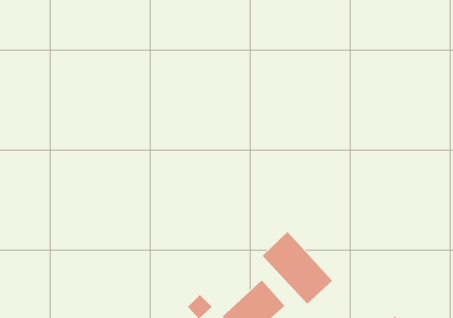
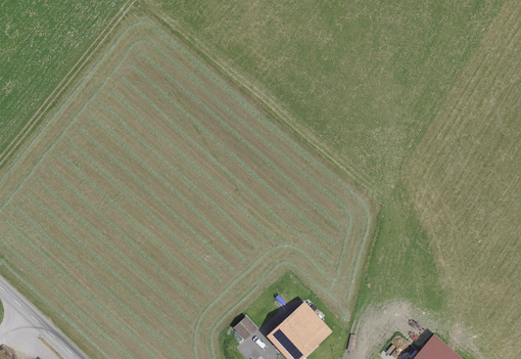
building: [262,231,333,304] -> none

